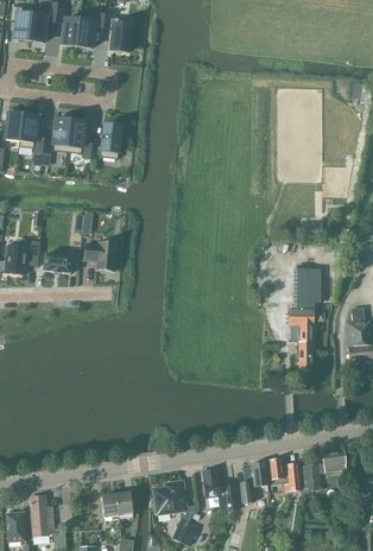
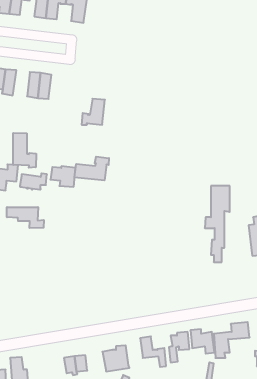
building: [90,124,121,158] -> [82,99,105,125]
building: none -> [13,133,36,168]
building: none -> [75,157,109,180]
building: none -> [7,207,44,228]

